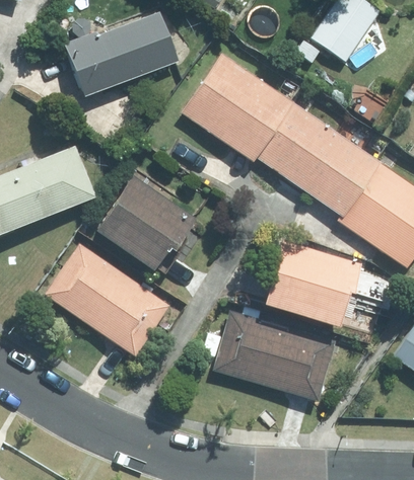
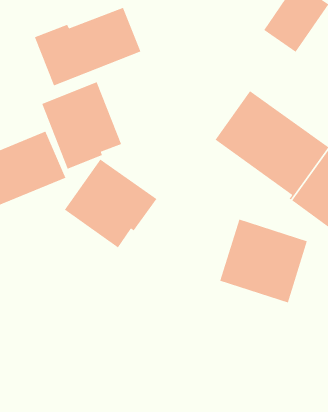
building: [180,51,296,163] -> none
building: none -> [41,81,122,170]
building: [45,242,170,357] -> none
building: [214,309,336,401] -> none

